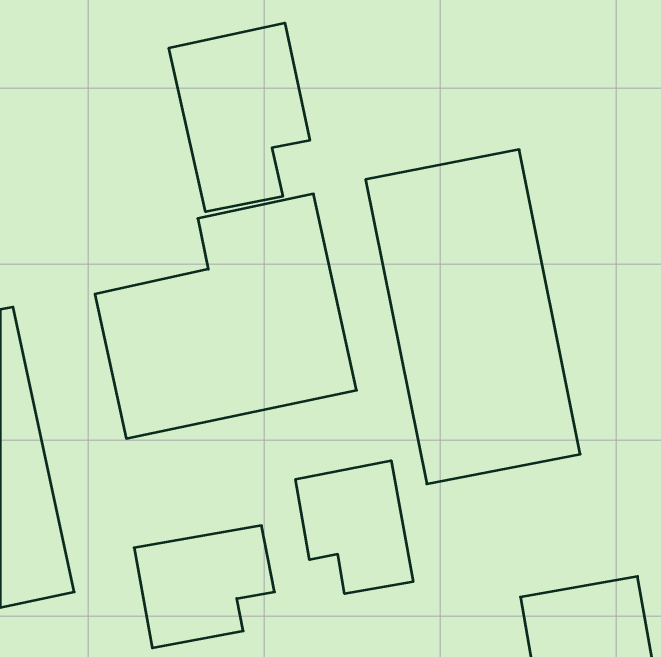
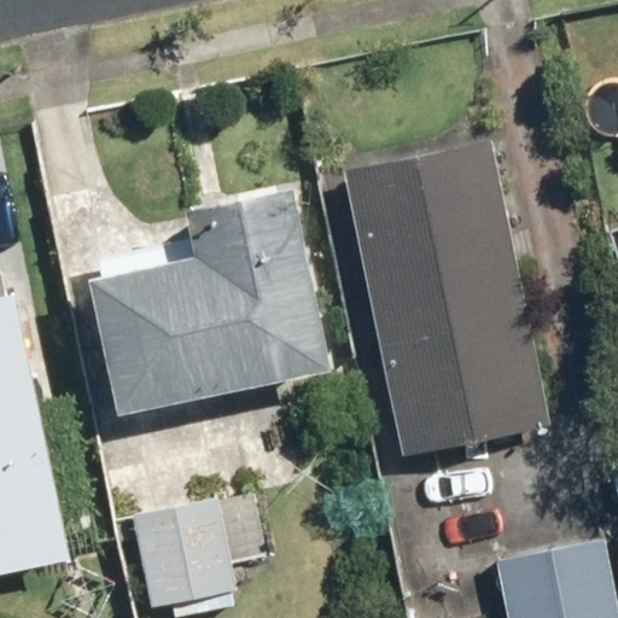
building: [169,23,310,212] -> none
building: [296,461,413,594] -> none

